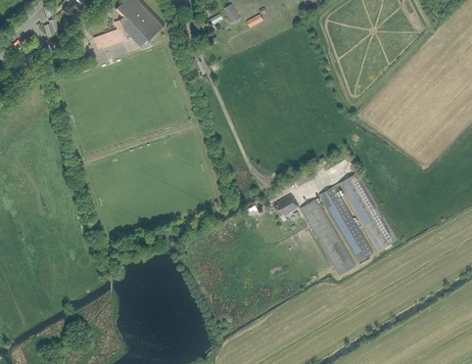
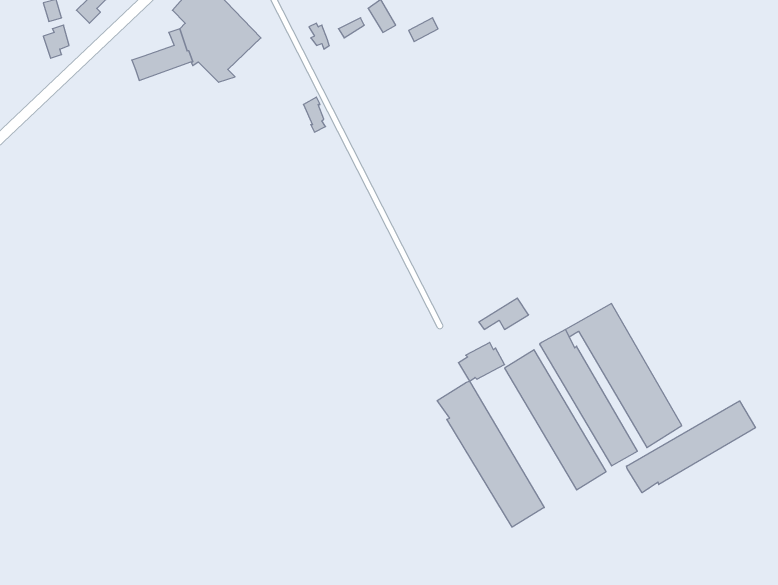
building: none -> [437,381,544,527]
building: none -> [626,401,755,493]

